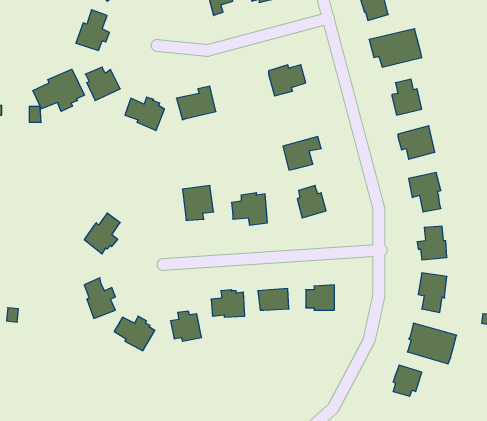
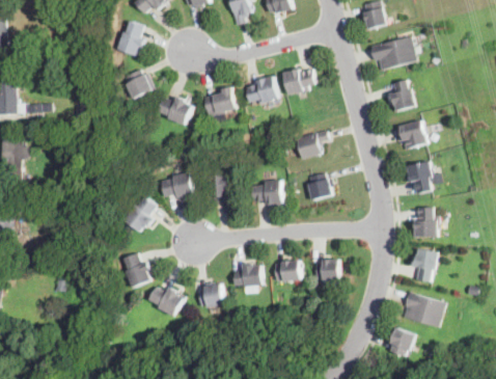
building: [33,69,84,111] -> none
building: none -> [246,76,279,102]
building: none -> [160,172,193,199]

